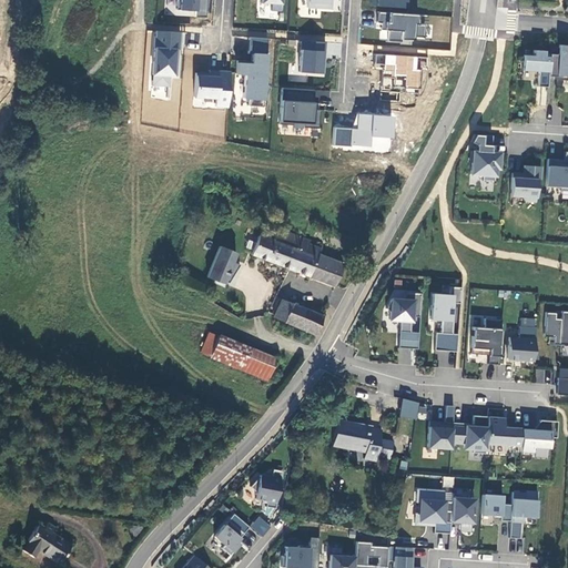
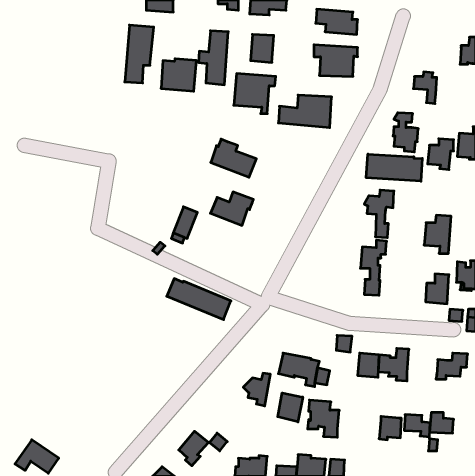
building: [523,50,550,88] -> [413,72,437,104]
building: none -> [366,154,422,181]
building: [290,241,344,286] -> [211,139,256,177]
building: [386,292,422,348] -> [364,190,394,238]
building: [274,300,323,336] -> none
building: [470,318,503,364] -> [424,215,451,253]
building: [486,416,523,446] -> none
building: none -> [278,393,303,422]
building: [250,470,282,509] -> [243,373,270,406]
building: [417,488,455,532] -> [308,400,339,437]

